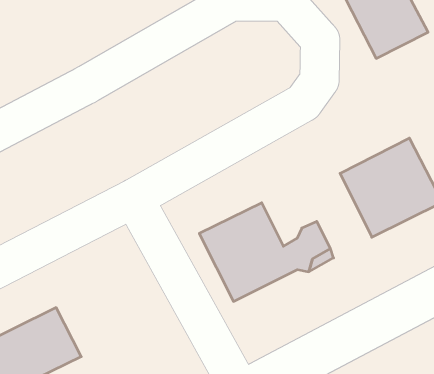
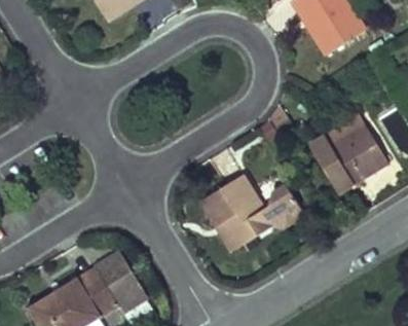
building: none -> [86,255,138,315]

